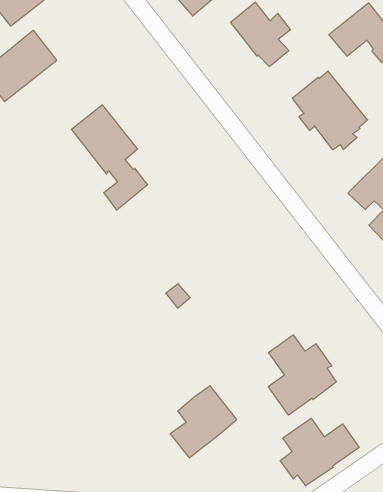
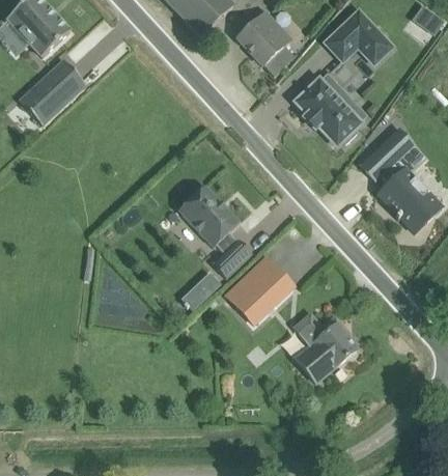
building: [71,105,148,210] -> [179,185,251,277]
building: [170,386,237,458] -> [234,257,292,323]
building: [280,418,359,486] -> none

